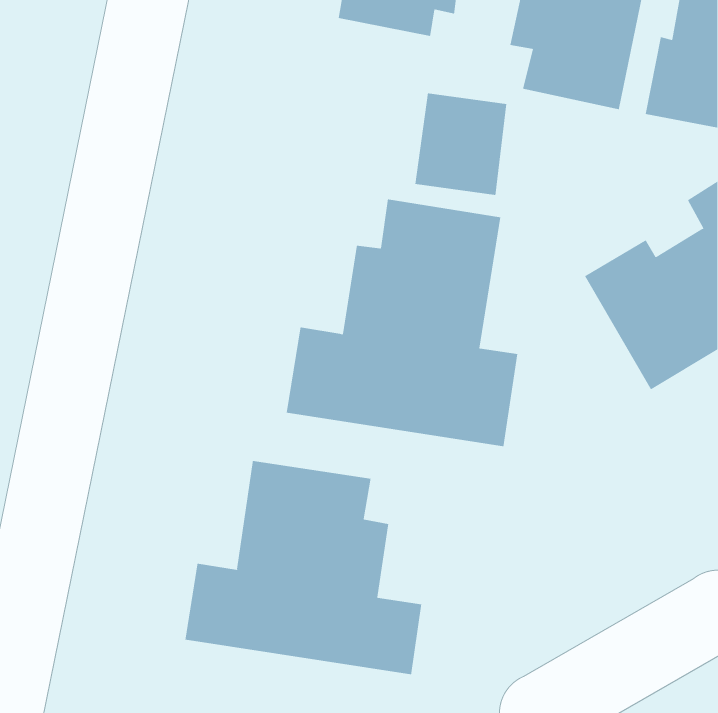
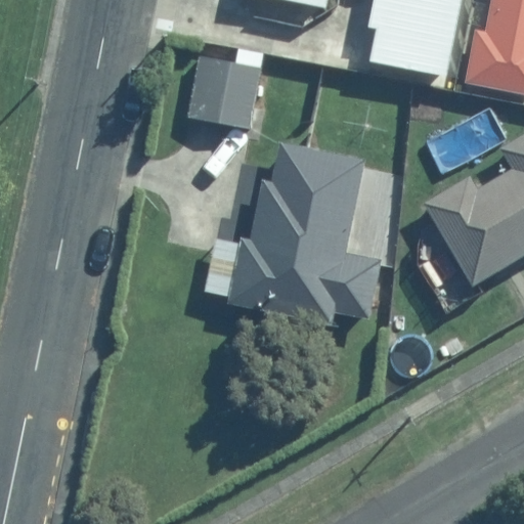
building: [414,93,507,196] -> [192,53,260,128]
building: [185,460,422,675] -> none

